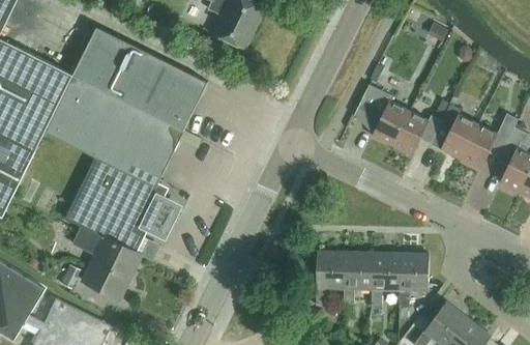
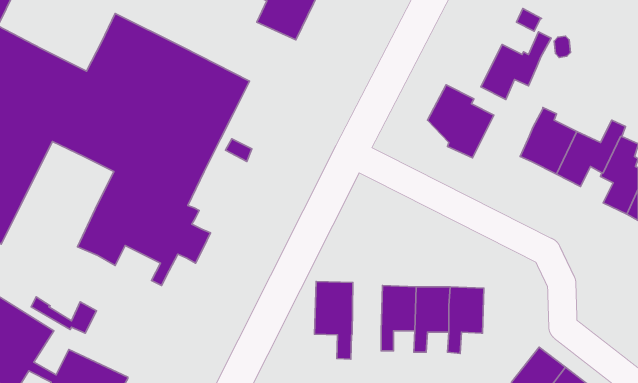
building: [390,99,448,155] -> [481,32,551,100]
building: [71,218,141,299] -> none
building: none -> [315,281,353,359]
building: [398,253,428,307] -> none

